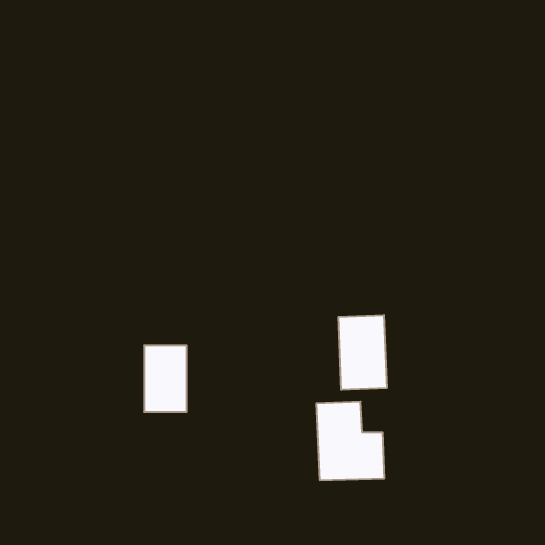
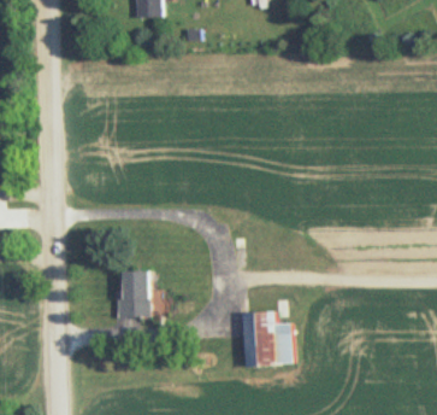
building: [338,315,387,390] -> none

